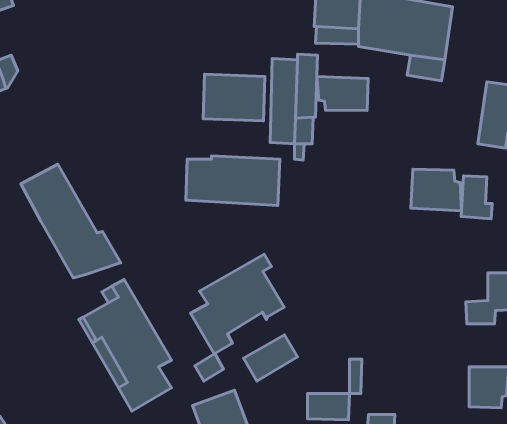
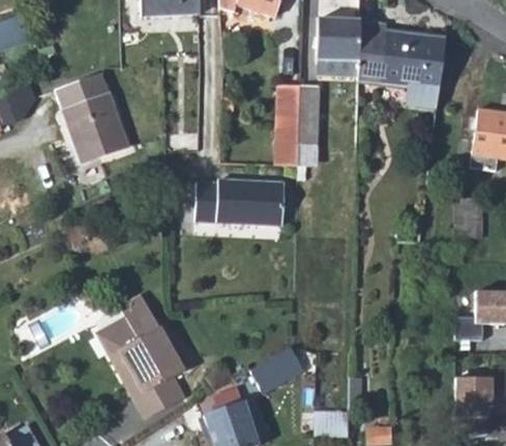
building: none -> [58,72,127,155]
building: [203,74,265,121] -> none
building: [317,77,368,111] -> none
building: [21,164,121,278] -> none
building: [411,169,462,211] -> none
building: [190,254,284,354] -> none

